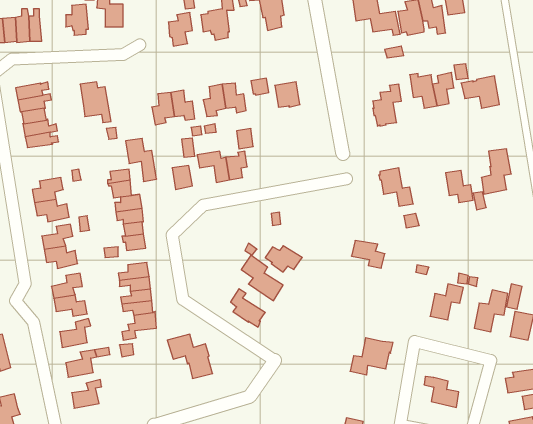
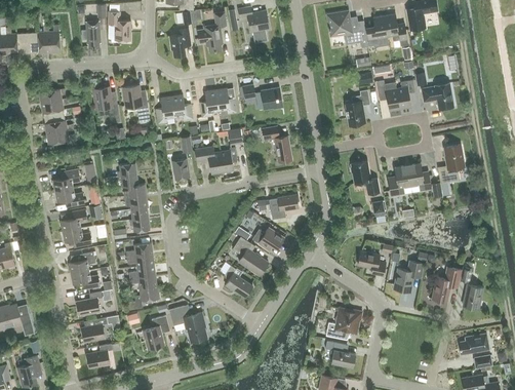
building: none -> [262,125,291,162]
building: [126,138,157,182] -> [123,85,150,122]
building: none -> [388,165,410,196]
building: none -> [269,195,299,219]
building: [351,241,385,268] -> [357,251,386,275]
building: none -> [142,315,170,349]
building: [424,376,459,407] -> [325,341,355,367]

